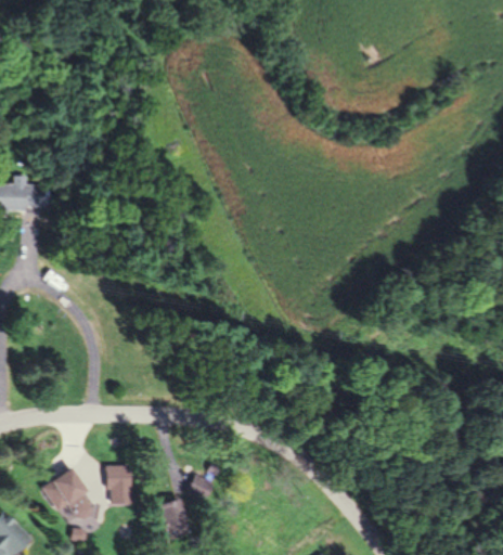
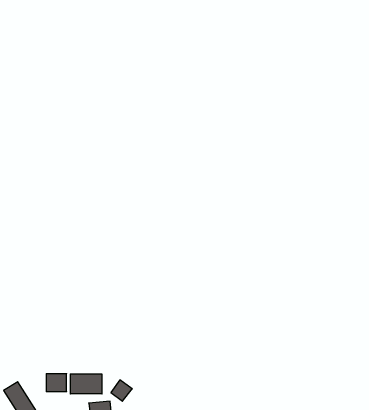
building: none -> [70,374,102,394]

